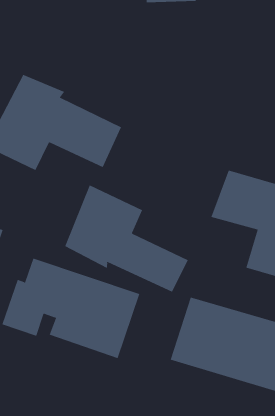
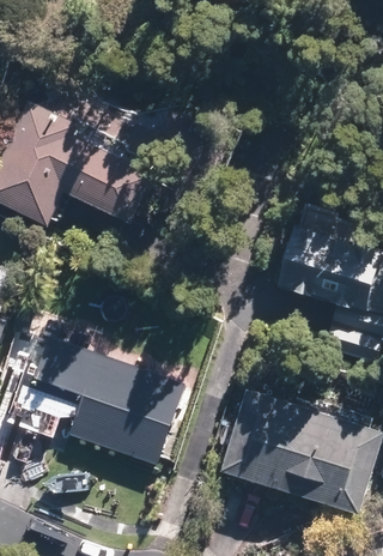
building: [64,185,188,293] -> none

